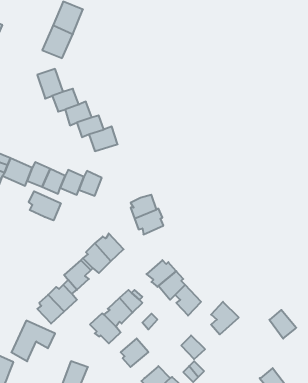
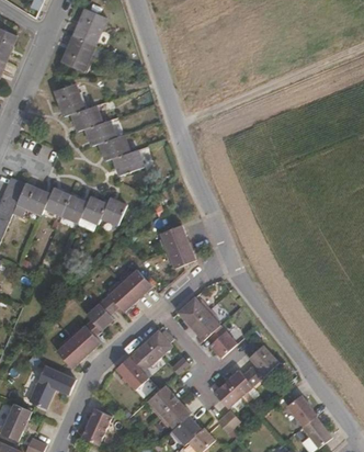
building: [29,191,61,220] -> none
building: [269,310,296,339] -> [286,395,316,427]
building: none -> [225,368,257,395]
building: none -> [158,398,191,427]

